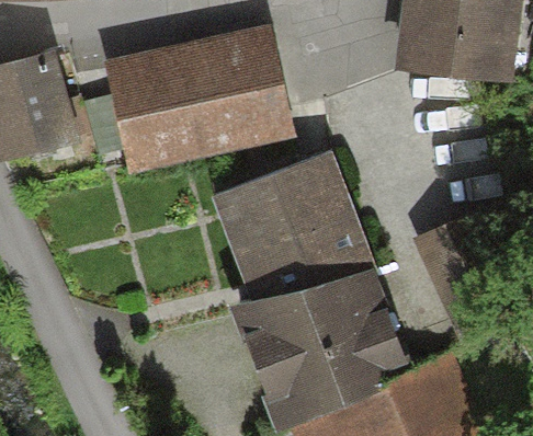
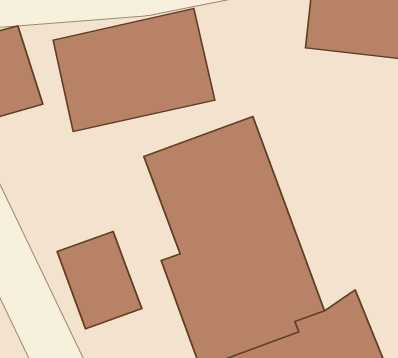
building: none -> [57,231,142,329]

